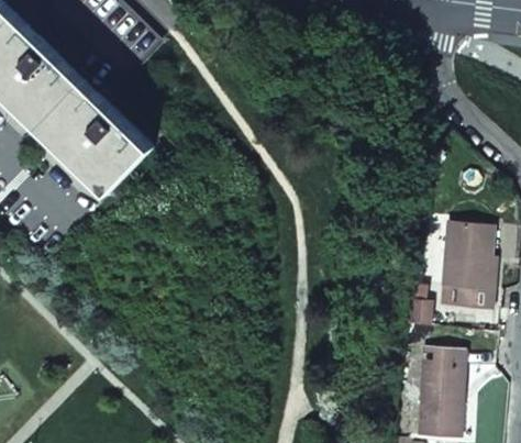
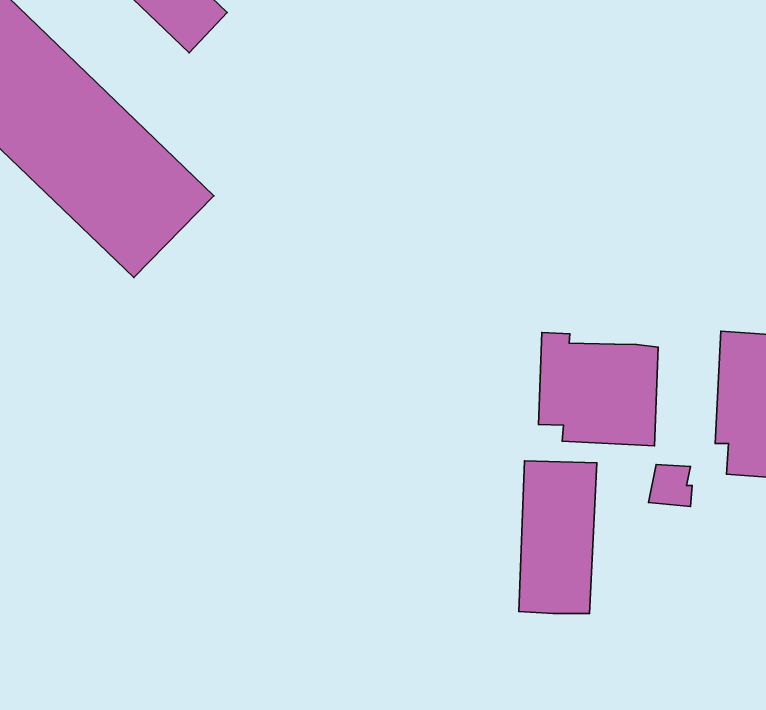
building: none -> [539,333,658,446]
building: [419,350,464,438] -> [519,461,597,613]

